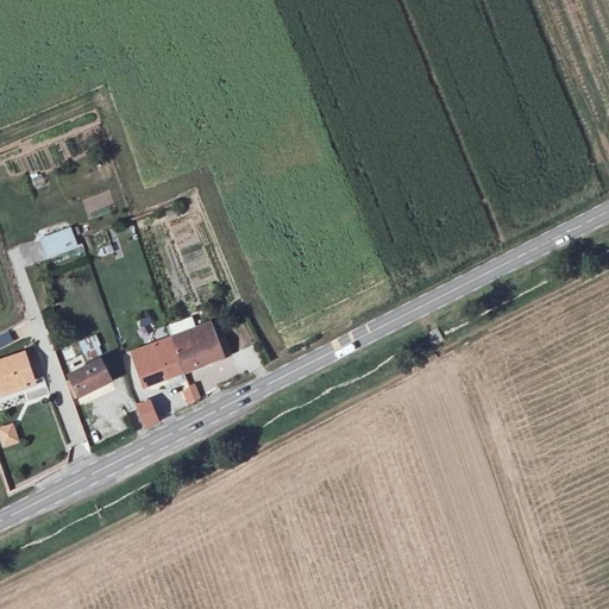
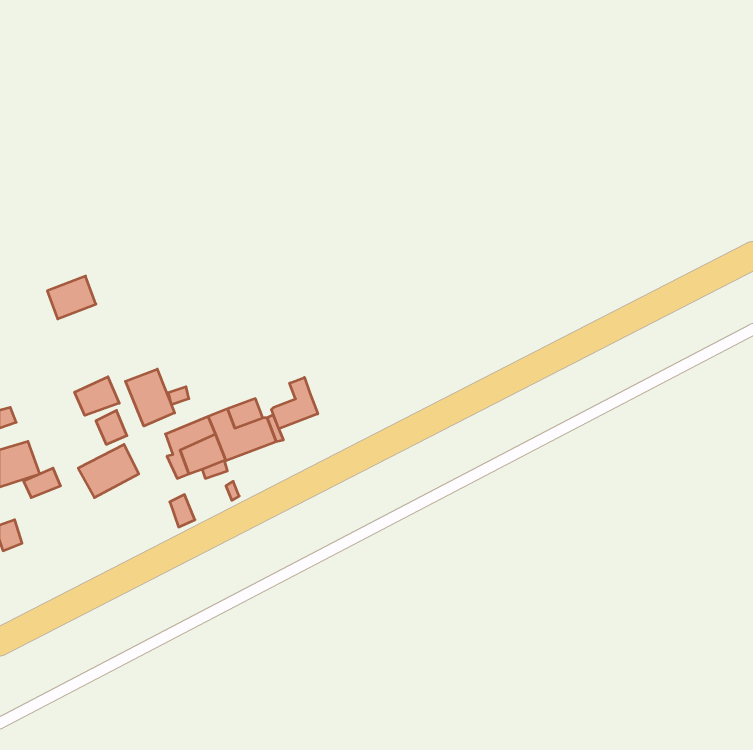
building: none -> [125,369,175,426]
building: none -> [75,377,119,415]
building: none -> [271,377,318,429]

